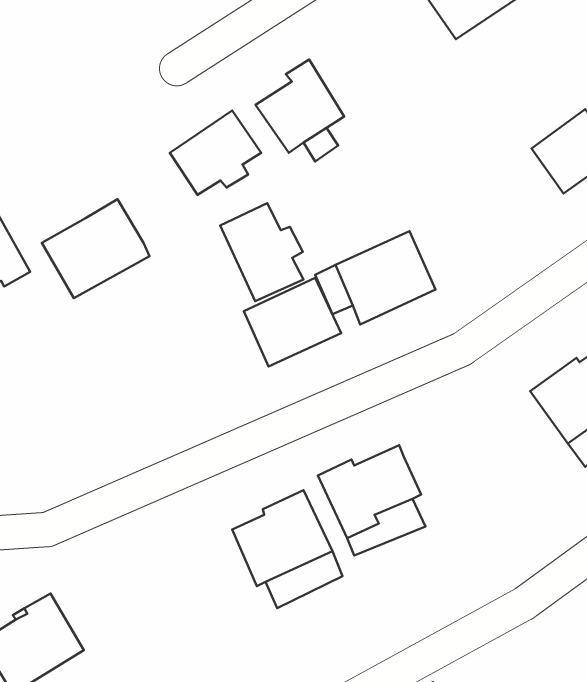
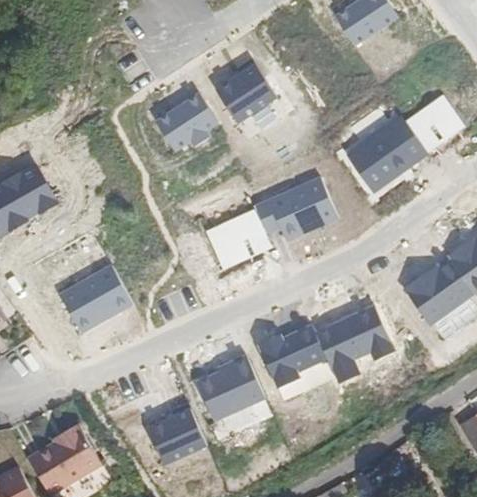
building: none -> [345,114,427,191]
building: [42,199,149,298] -> [60,265,134,333]
building: [220,203,303,301] -> none
building: none -> [316,304,396,382]
building: none -> [149,402,208,463]

